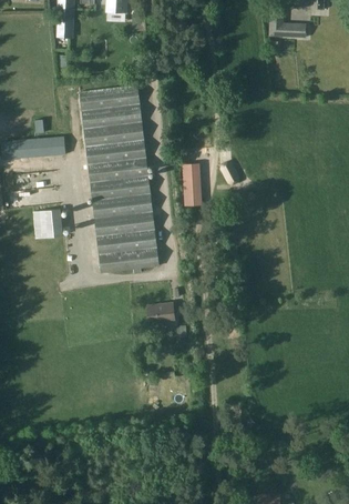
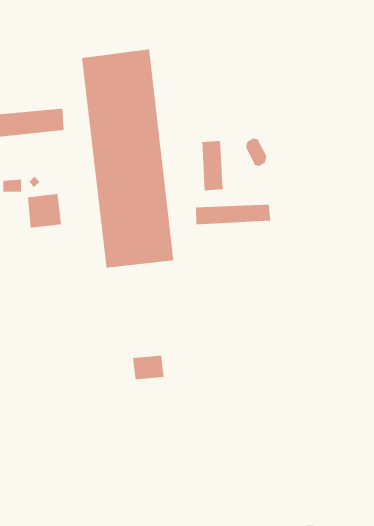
building: none -> [196,204,271,225]
building: [146,302,174,324] -> [132,354,164,380]

